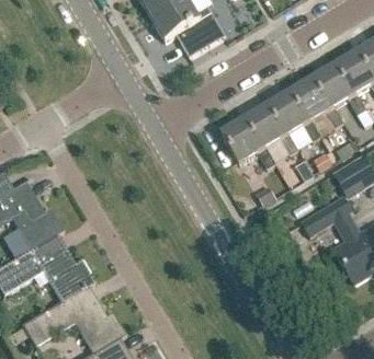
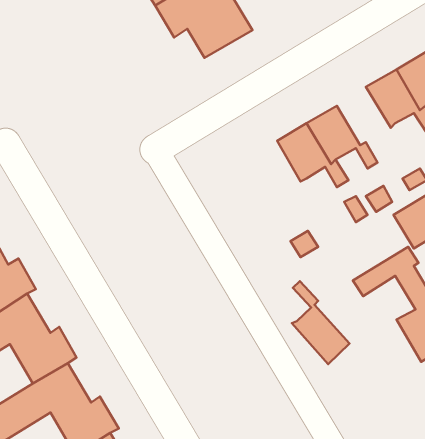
building: [290,77,343,126] -> none
building: [222,117,275,165] -> none
building: none -> [292,281,350,364]

